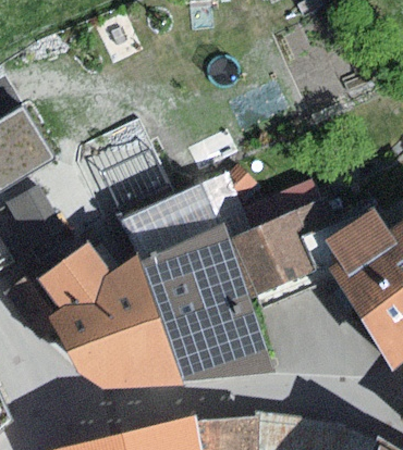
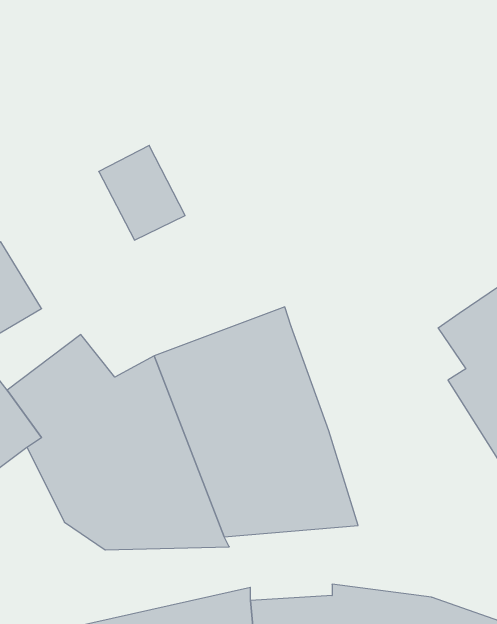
building: [119,184,225,259] -> none
building: [234,197,346,304] -> none

